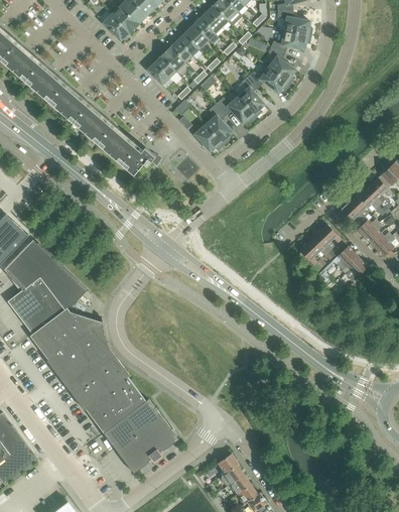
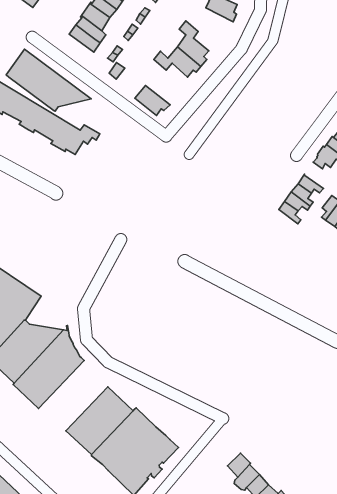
building: [249,68,289,94] -> none
building: none -> [6,49,91,111]
building: [205,104,231,145] -> none
building: [64,351,129,410] -> none

